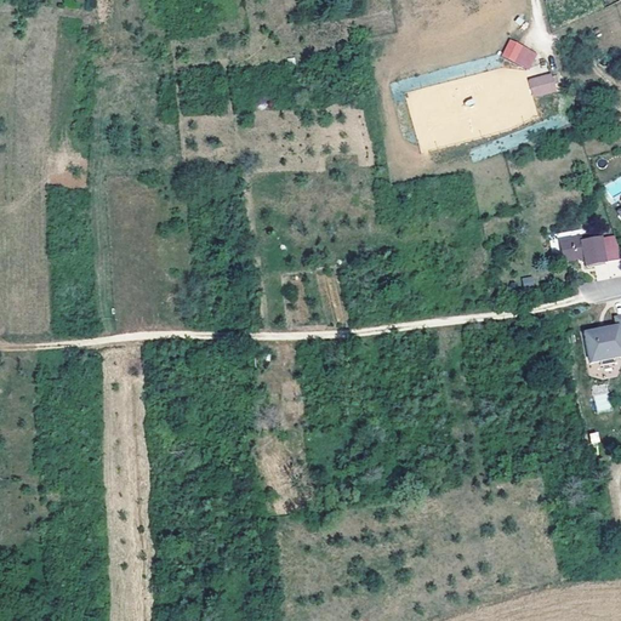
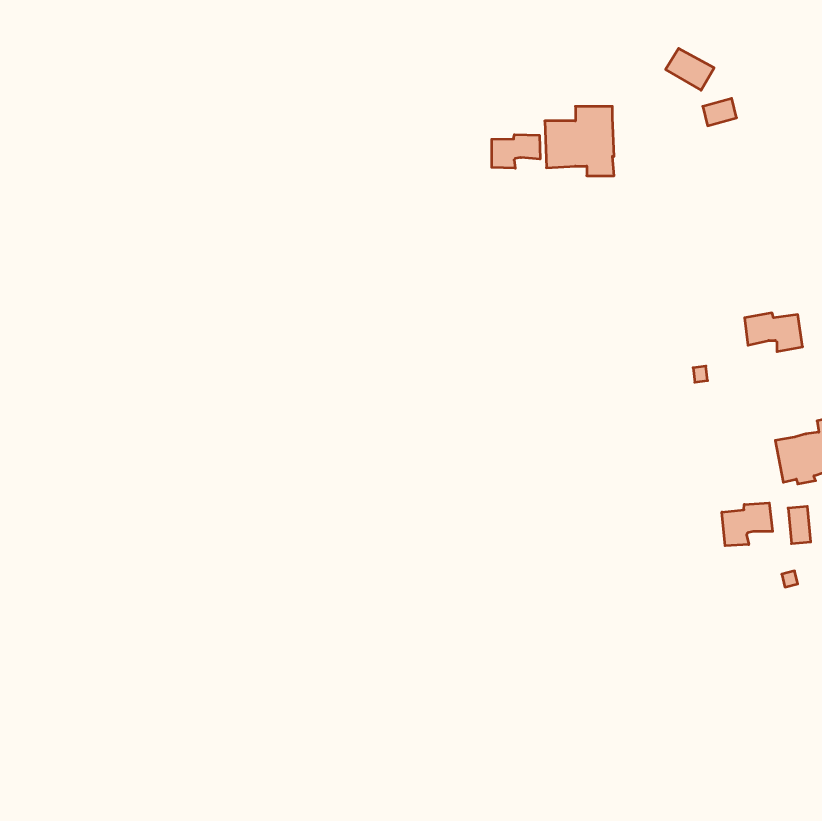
building: none -> [492,135,540,168]
building: none -> [722,503,773,546]

